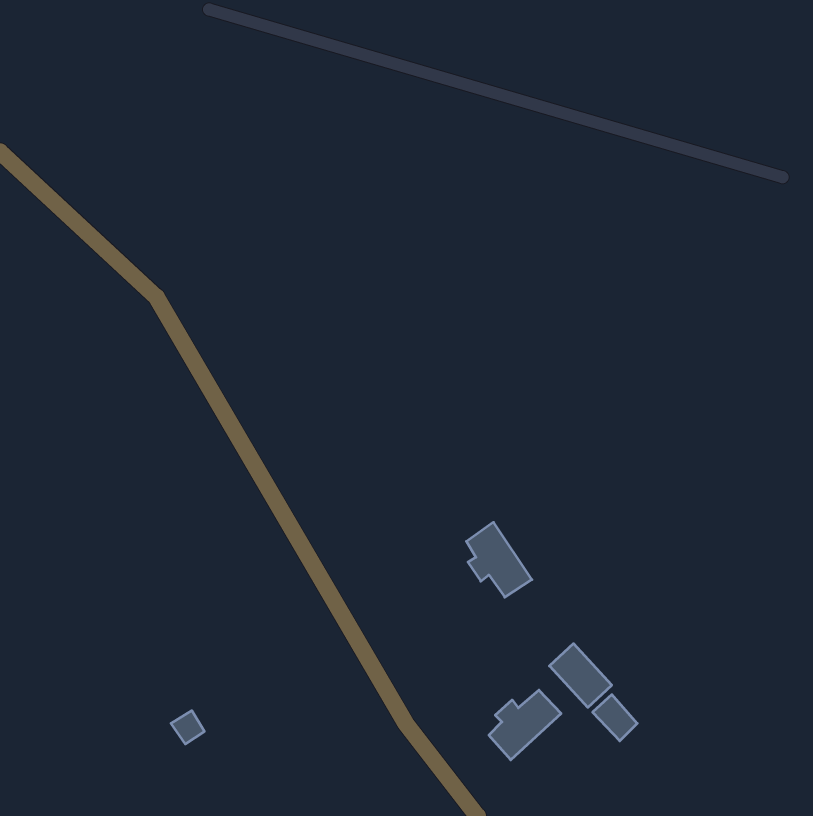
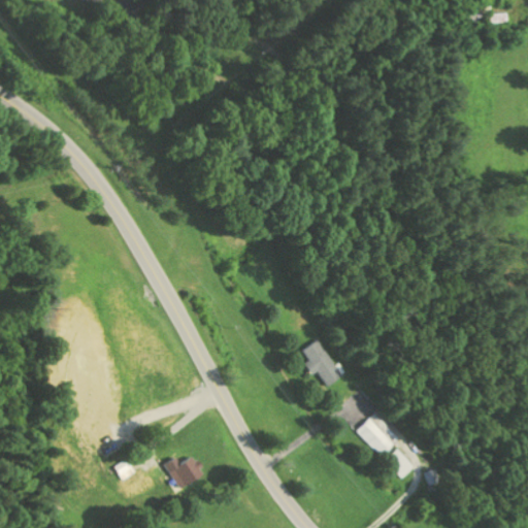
building: [489,690,561,760] -> none
building: none -> [165,456,200,487]

